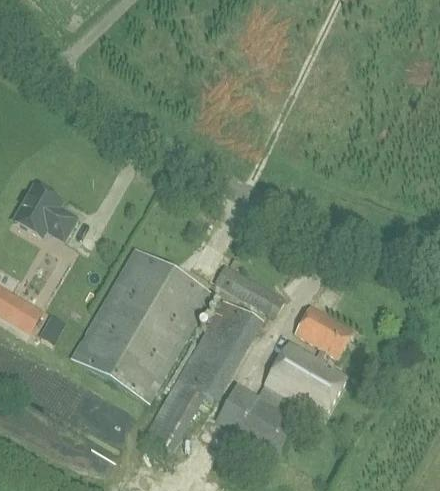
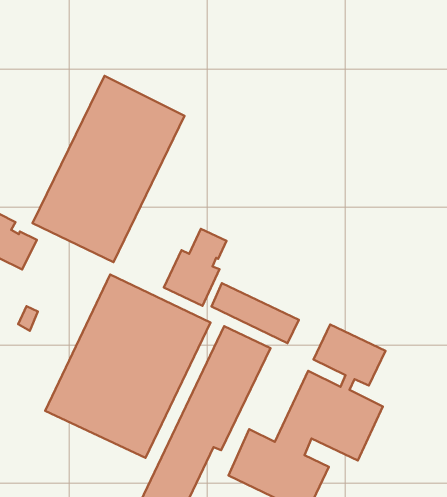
building: none -> [33,76,184,262]
building: none -> [164,229,227,306]

